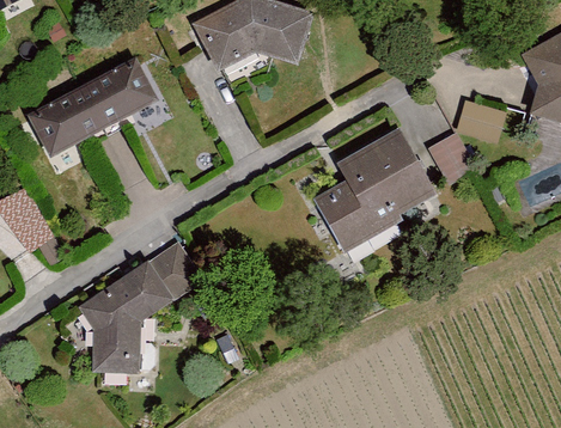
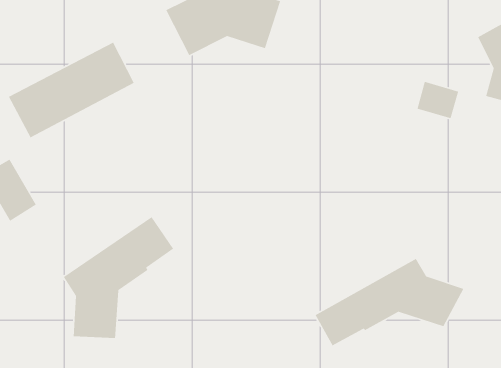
building: [311,130,435,253] -> none
building: [428,132,471,184] -> none
building: none -> [315,258,464,347]

